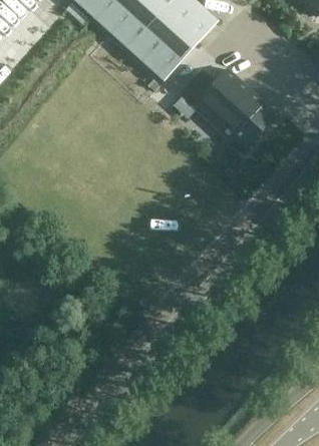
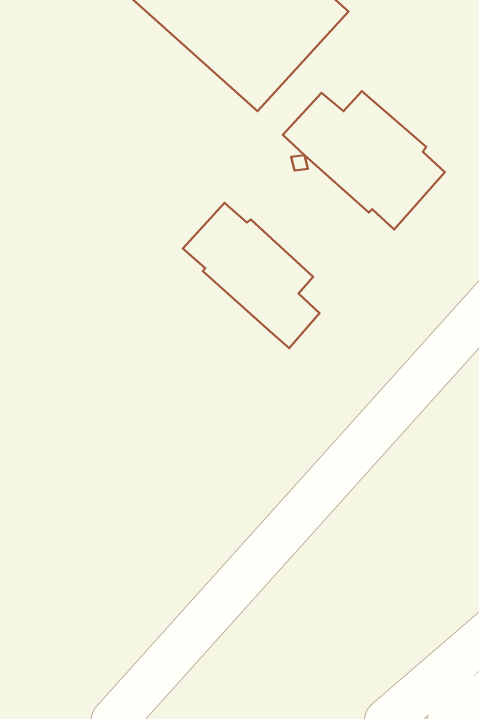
building: none -> [183,203,320,348]

